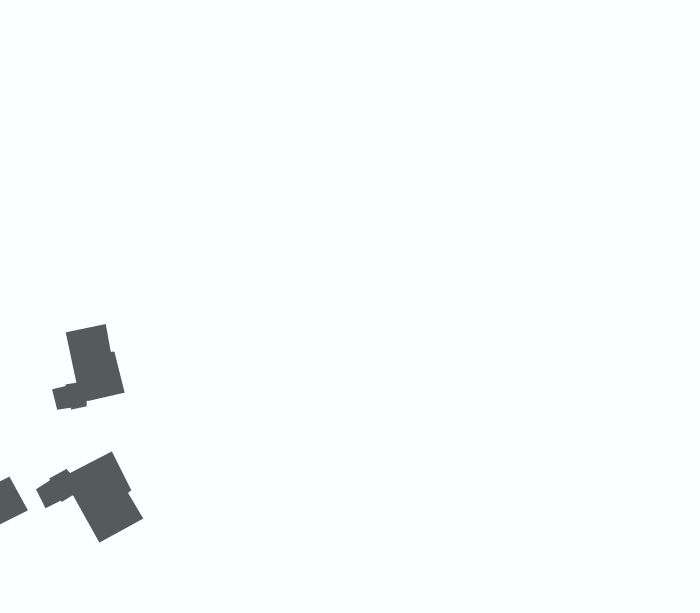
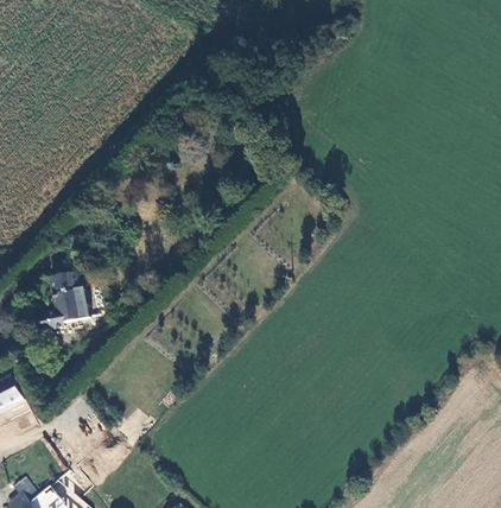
building: [35,450,144,543] -> none

